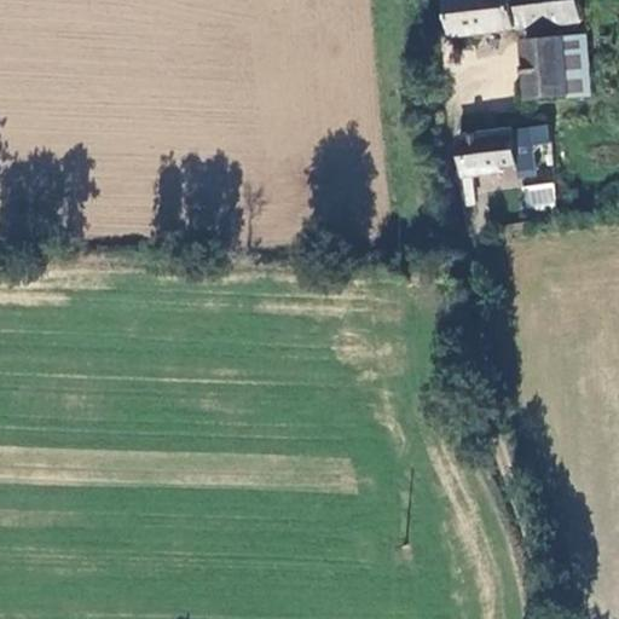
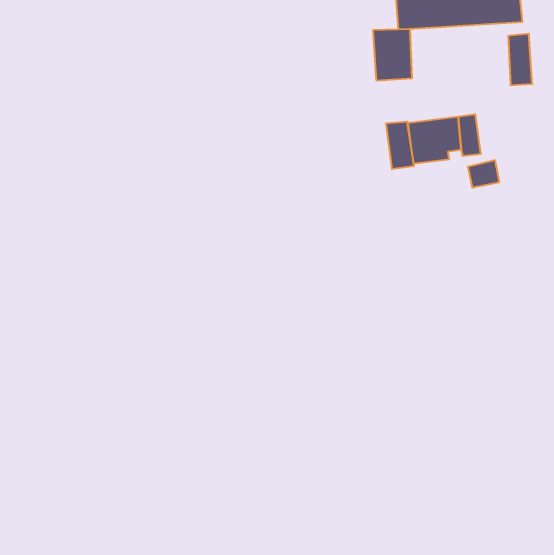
building: [522,40,566,97] -> [373,29,412,80]
building: none -> [386,121,414,169]

